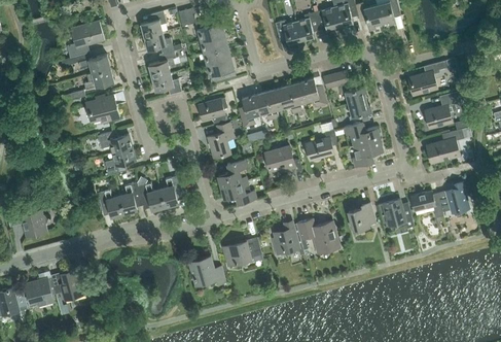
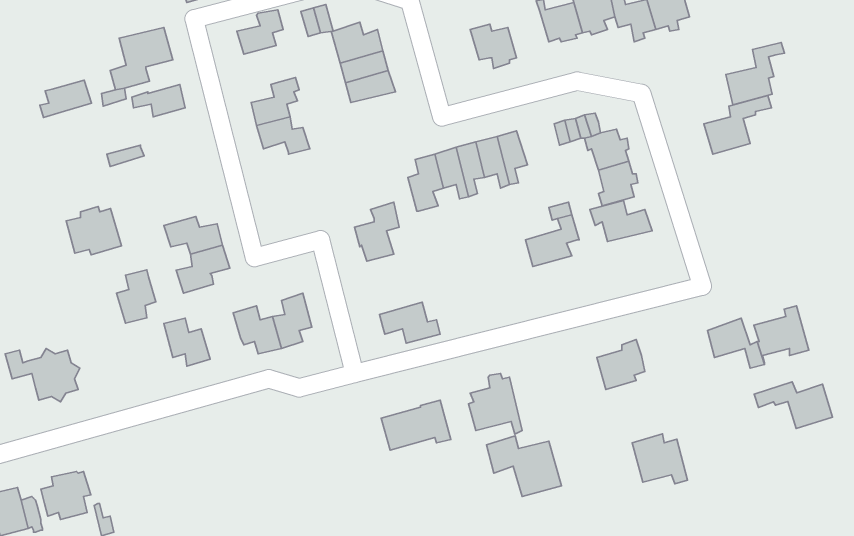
building: [296,12,320,40] -> none
building: [144,32,174,54] -> none
building: [206,59,235,83] -> none
building: [84,68,114,90] -> [40,80,91,118]
building: [301,77,327,107] -> none
building: [425,92,459,128] -> [726,42,785,105]
building: [87,94,119,122] -> [66,207,121,255]
building: [199,97,227,123] -> none
building: [428,129,464,163] -> none
building: [353,139,383,167] -> none
building: [265,146,301,171] -> none
building: [218,159,249,187] -> none
building: [119,182,142,213] -> [117,270,156,323]
building: [383,199,415,228] -> [632,434,687,484]
building: [297,218,341,253] -> [487,436,561,497]
building: none -> [754,382,832,428]
building: [190,255,226,285] -> none
building: [51,269,88,299] -> none

